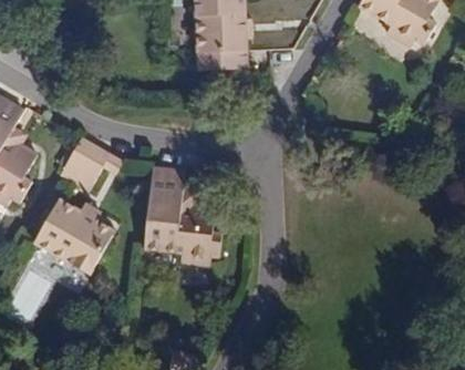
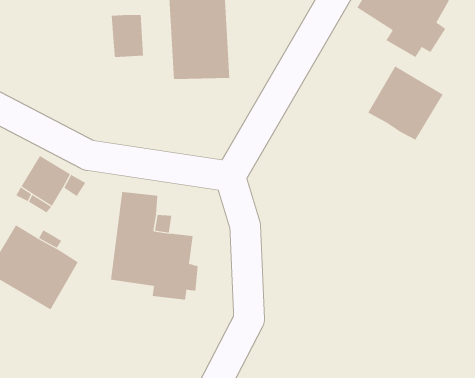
building: none -> [111,14,144,58]
building: none -> [368,66,443,140]

